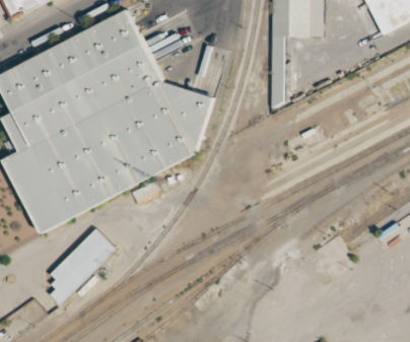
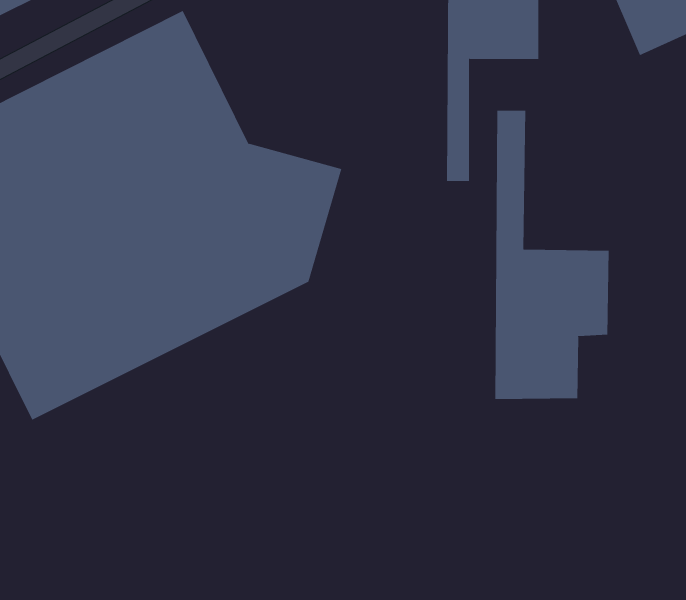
building: none -> [495,110,609,400]
building: [47,227,117,303] -> none

